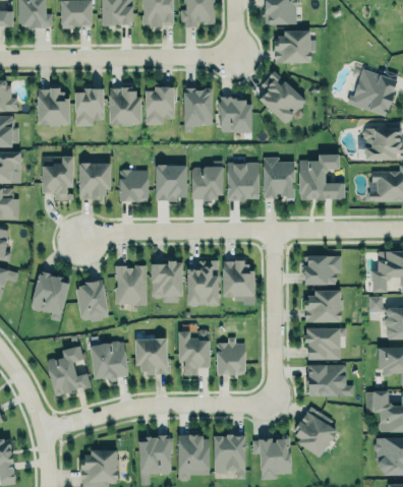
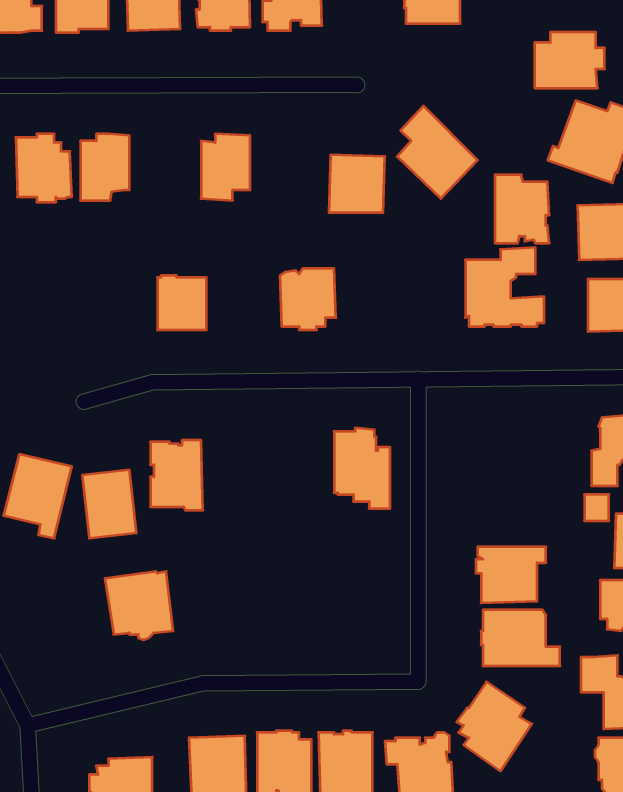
building: [275,32,315,64] -> [535,32,605,88]
building: [110,86,141,126] -> none
building: [184,87,213,133] -> none
building: [42,157,74,200] -> none
building: [264,158,295,197] -> [495,175,549,243]
building: [79,163,112,200] -> none
building: [156,164,187,201] -> none
building: [227,164,260,201] -> none
building: [304,256,342,286] -> none
building: [152,259,183,304] -> none
building: [187,262,219,306] -> none
building: [304,290,342,322] -> none
building: [179,329,211,376] -> none
building: [217,337,246,374] -> none
building: [134,339,170,375] -> none
building: [46,345,92,395] -> none

